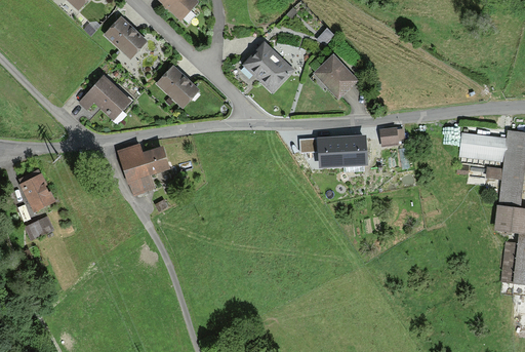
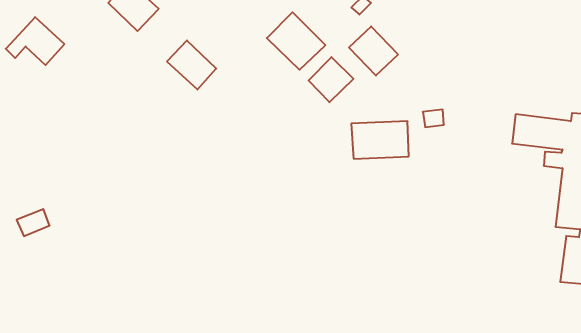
building: [78,76,129,118] -> [6,17,64,65]
building: none -> [309,57,353,102]
building: [117,145,169,194] -> none
building: [18,169,55,209] -> none

